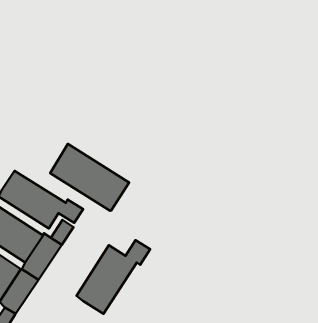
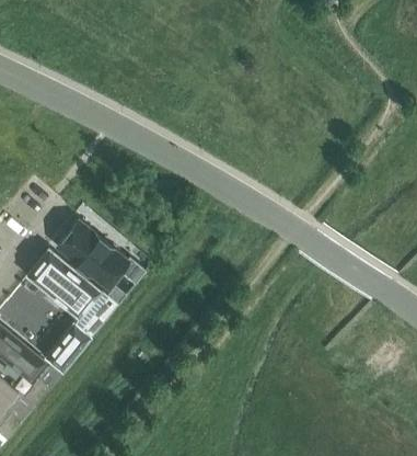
building: [50,144,129,211] -> none
building: [76,240,150,314] -> none

